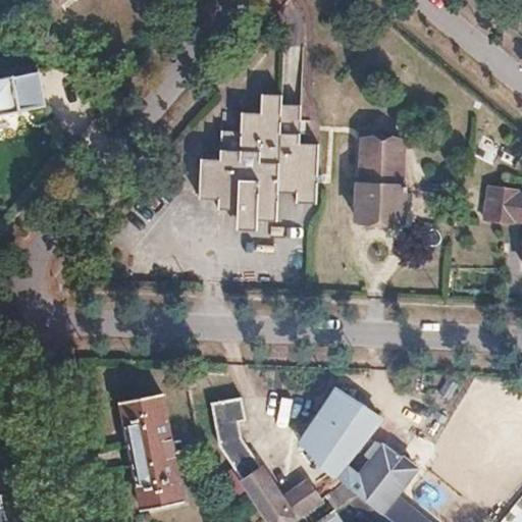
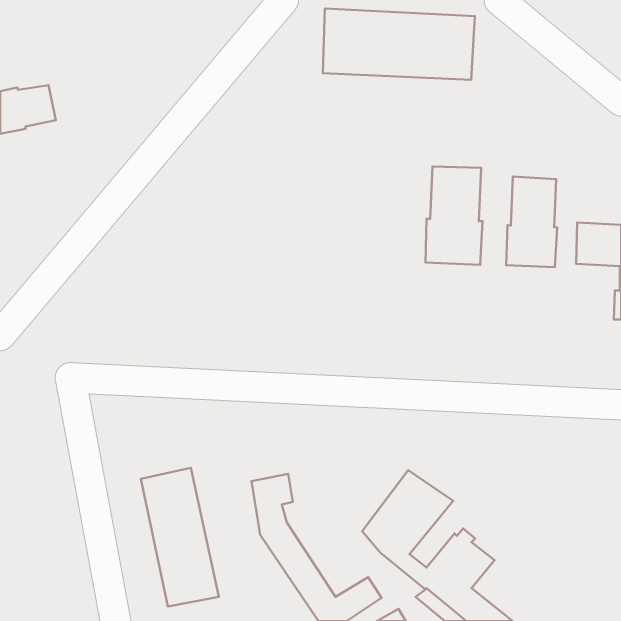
building: none -> [323,8,475,80]
building: [189,90,319,218] -> none
building: none -> [506,177,557,267]

